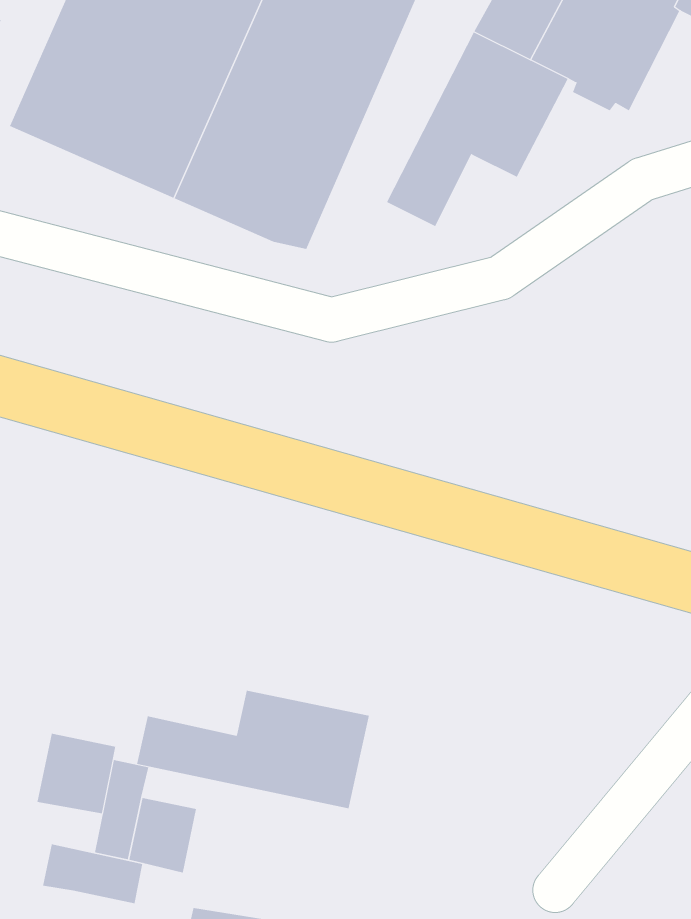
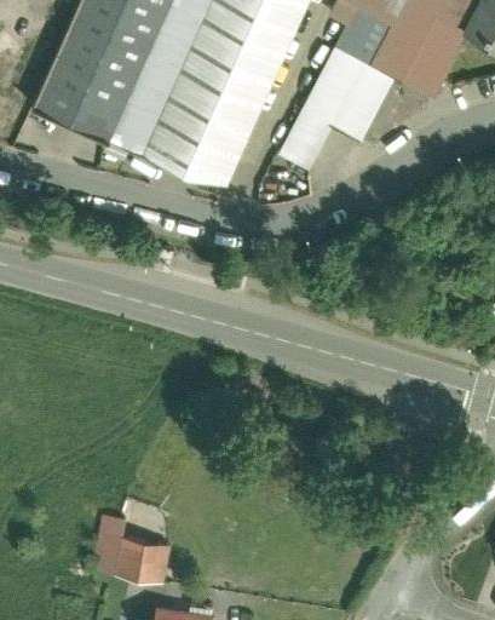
building: [137,690,370,809] -> none
building: [37,733,116,814] -> none
building: [43,844,143,904] -> none

